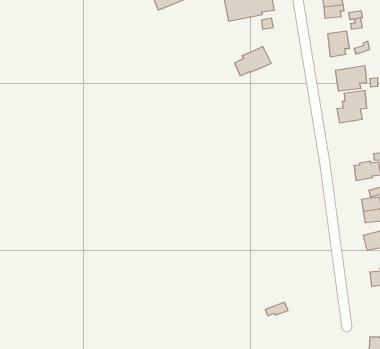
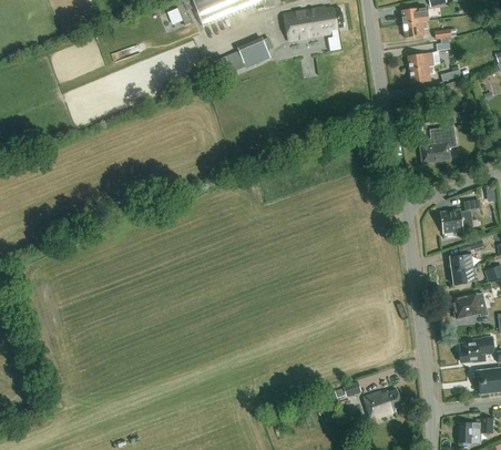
building: [235,47,271,76] -> [226,37,270,72]
building: [336,66,367,91] -> none
building: none -> [362,389,402,420]

